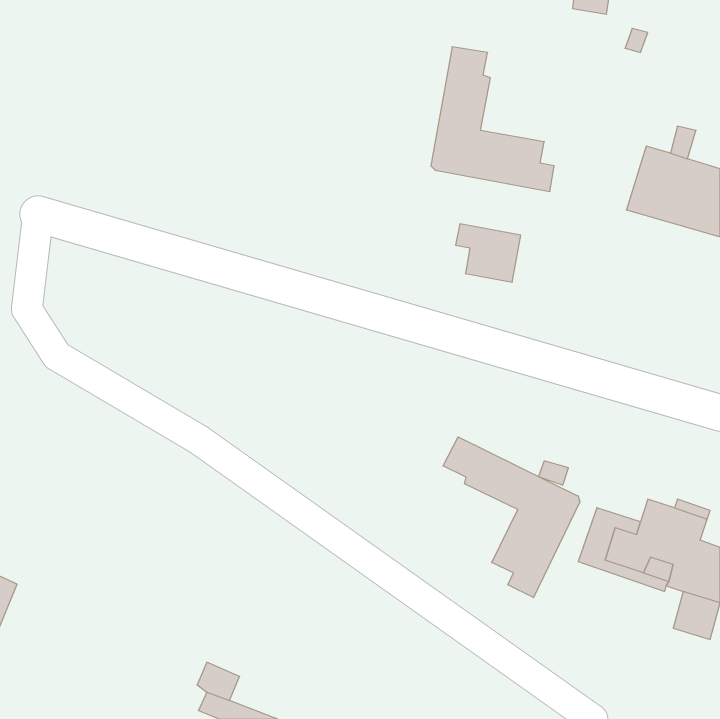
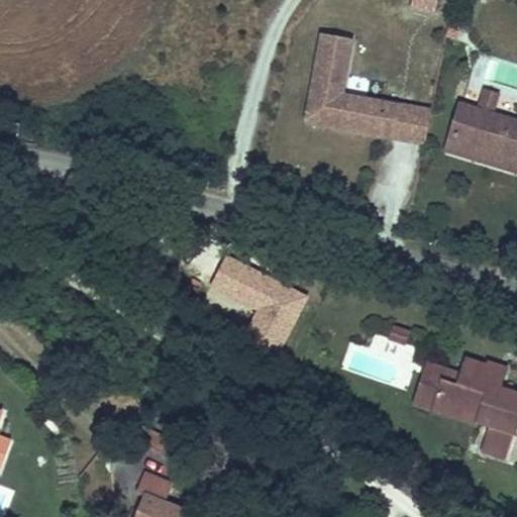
building: [456,224,521,282] -> [385,101,431,142]
building: none -> [210,255,307,357]
building: [443,437,580,598] -> none

